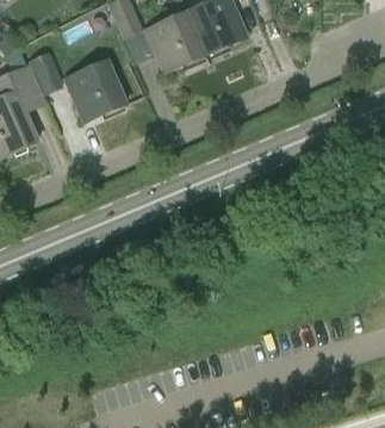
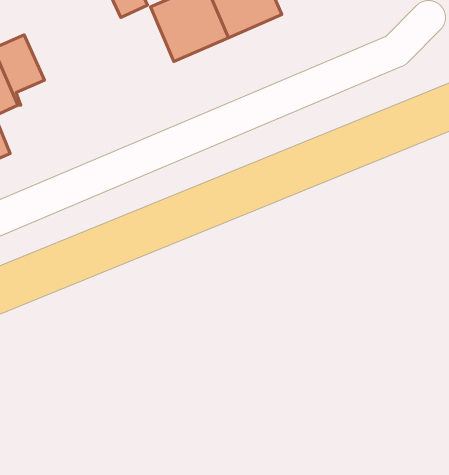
building: [66,61,125,120] -> none

